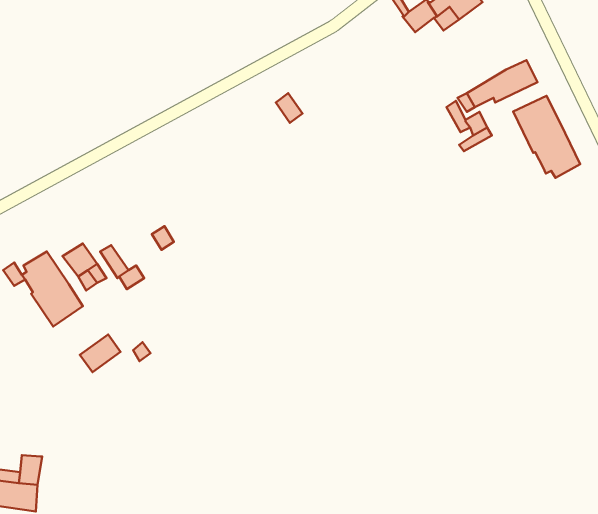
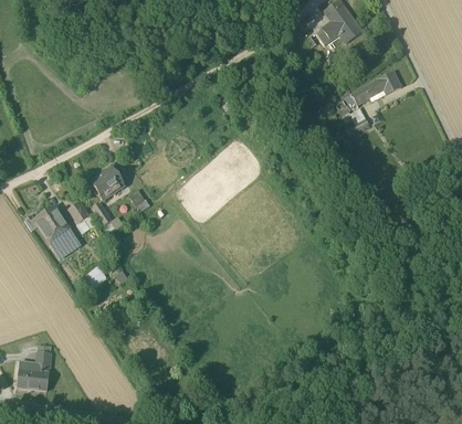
building: [513,96,580,178] -> none
building: none -> [90,166,124,199]

